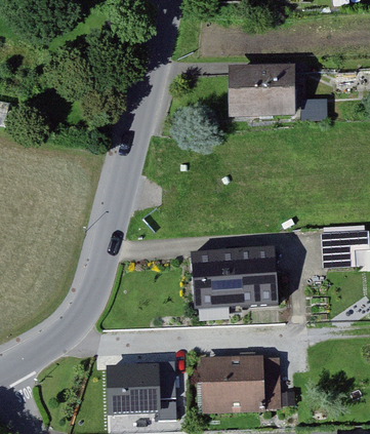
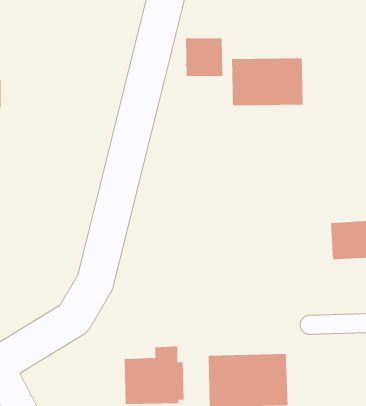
building: none -> [185,37,223,77]
building: [188,246,276,311] -> none

